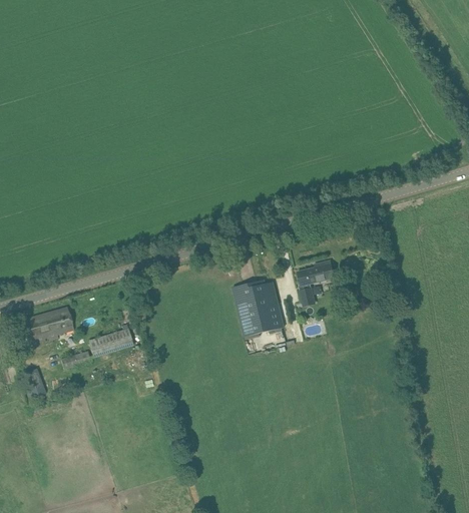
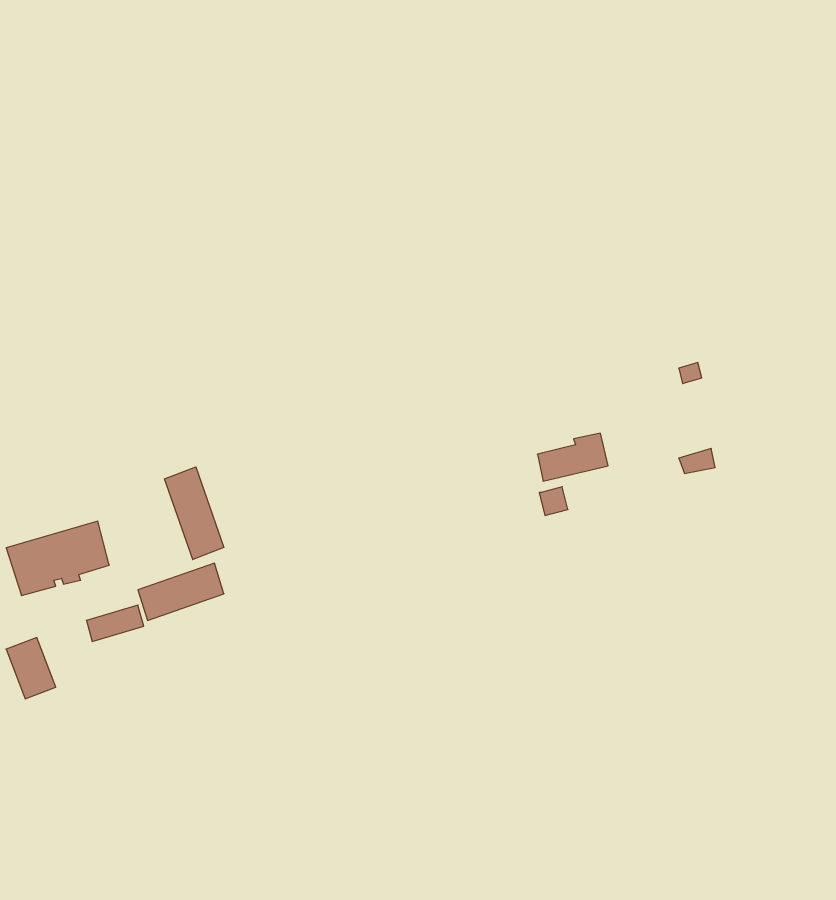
building: none -> [165,467,224,560]
building: [232,280,284,336] -> none

